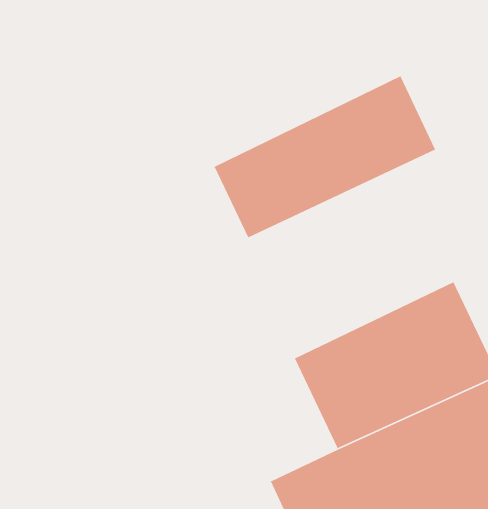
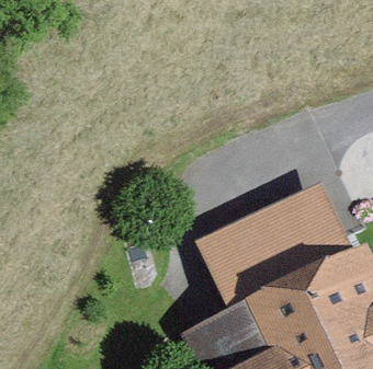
building: [213,75,436,239] -> none

